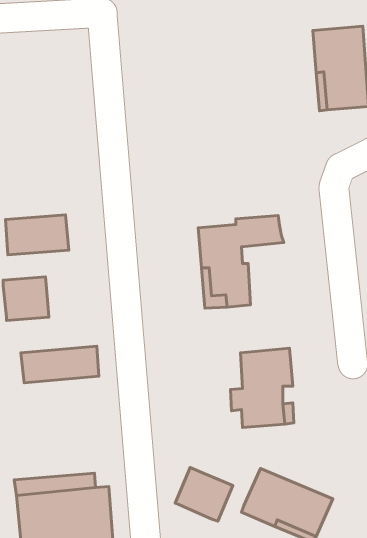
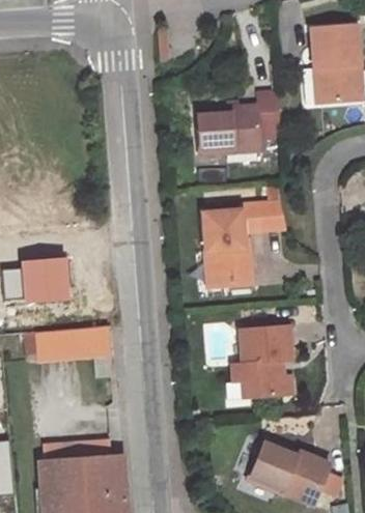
building: none -> [197,94,279,156]
building: [6,215,69,255] -> none
building: [175,467,233,521] -> none

